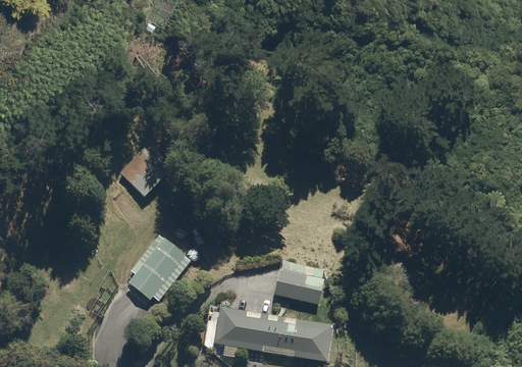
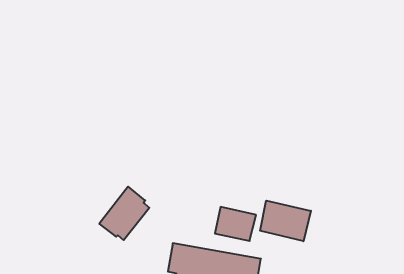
building: [119,148,167,197] -> none
building: none -> [260,201,311,241]

